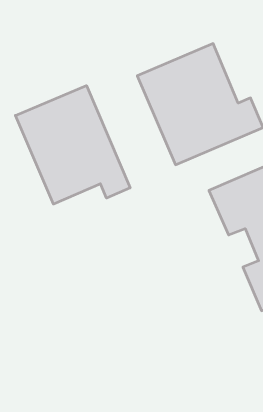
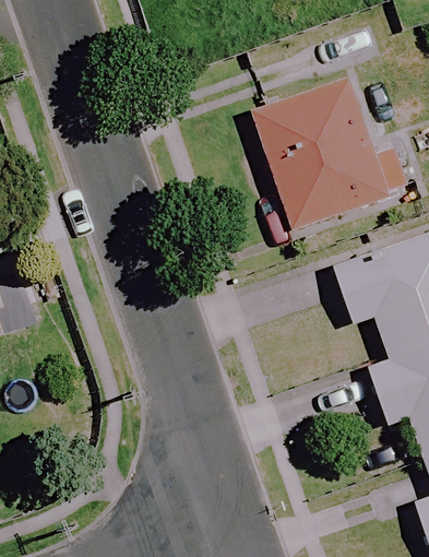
building: [15,86,130,204] -> none

